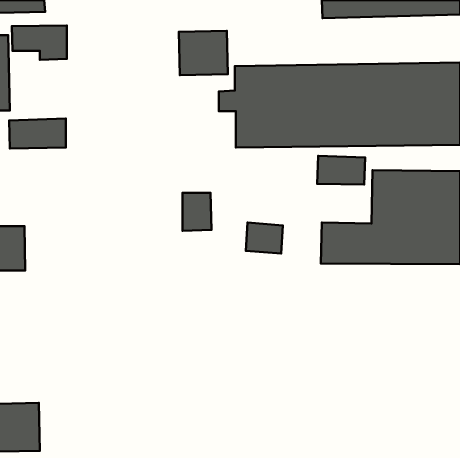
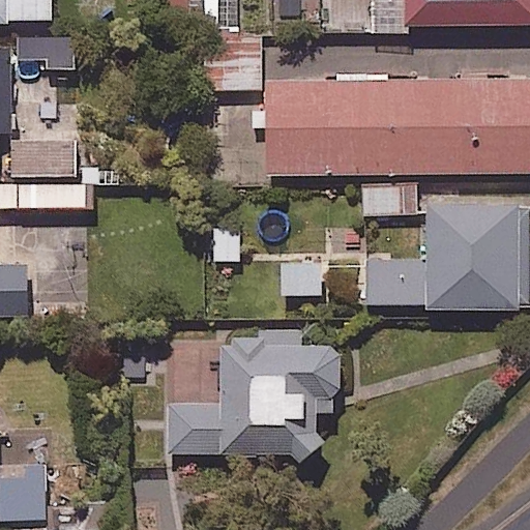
building: none -> [168,330,342,459]

